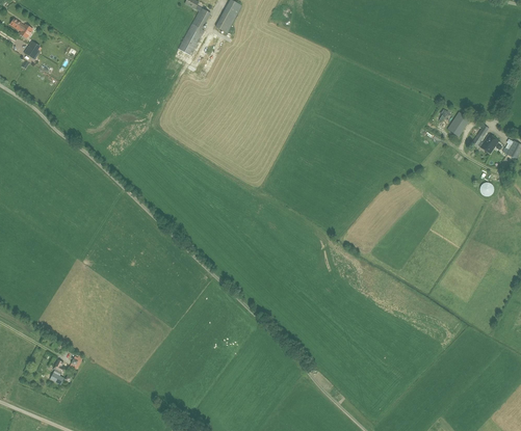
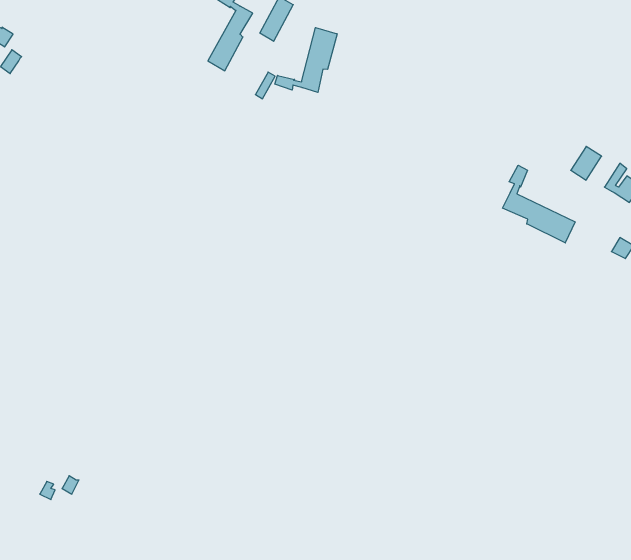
building: none -> [275,28,337,92]
building: none -> [503,165,575,243]

